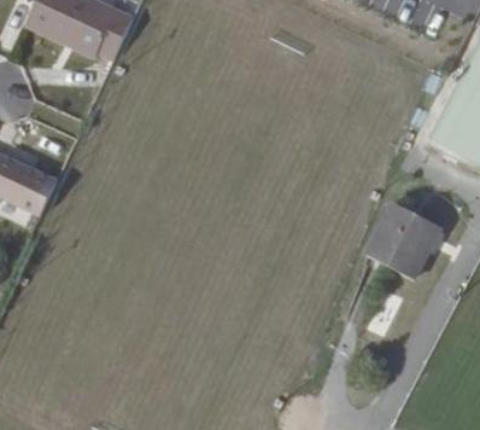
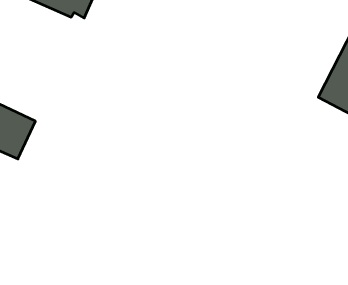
building: [374,209,438,283] -> none

